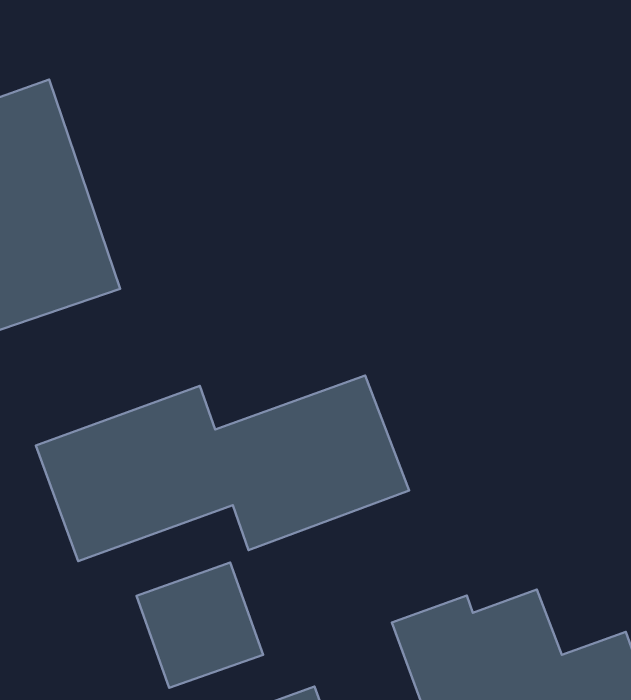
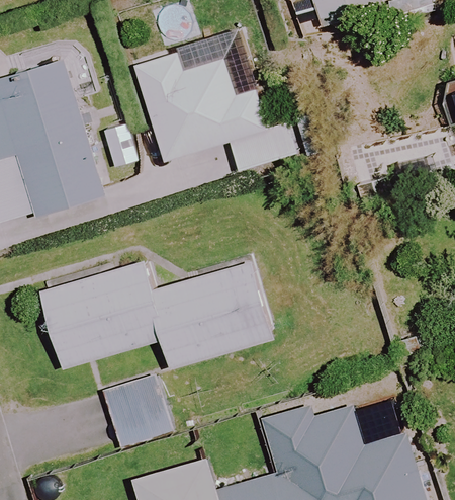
building: none -> [134,50,297,172]

